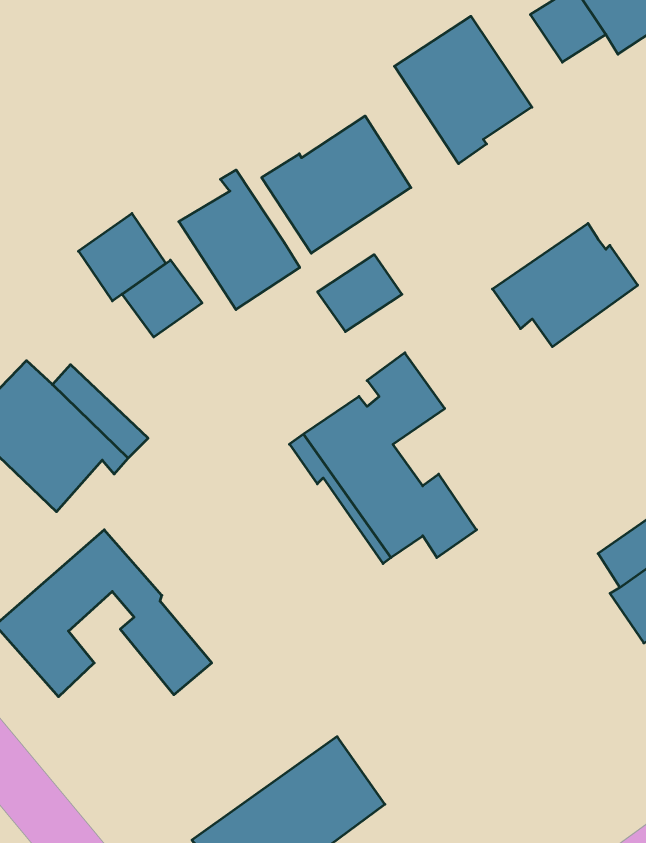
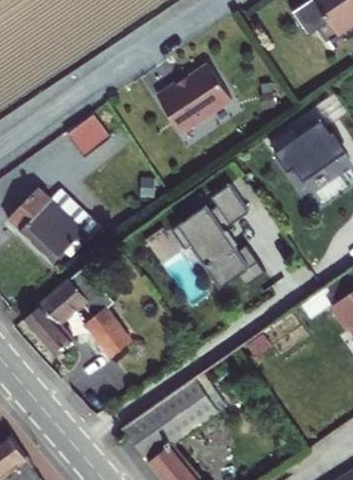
building: [394,16,532,164] -> none
building: [179,170,300,310] -> none
building: [318,255,402,332] -> none
building: [122,260,202,337] -> none

